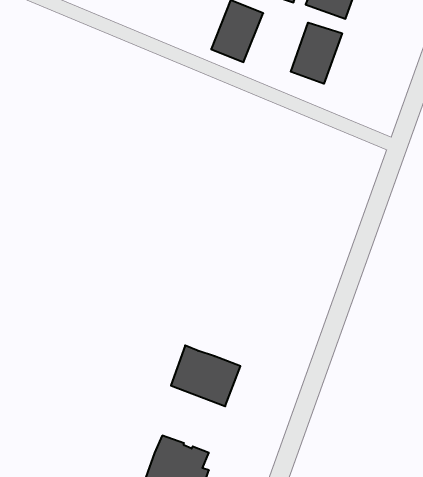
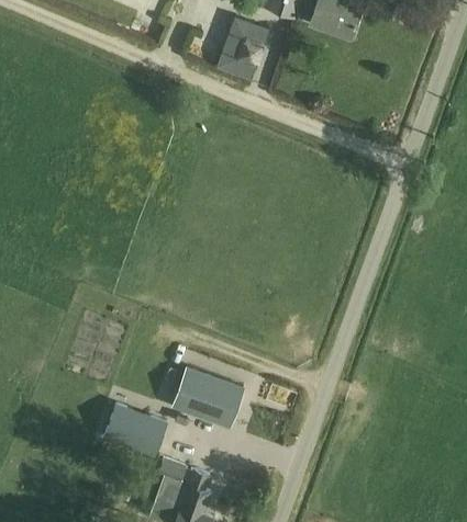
building: [291,23,342,84] -> none
building: none -> [103,404,168,457]

